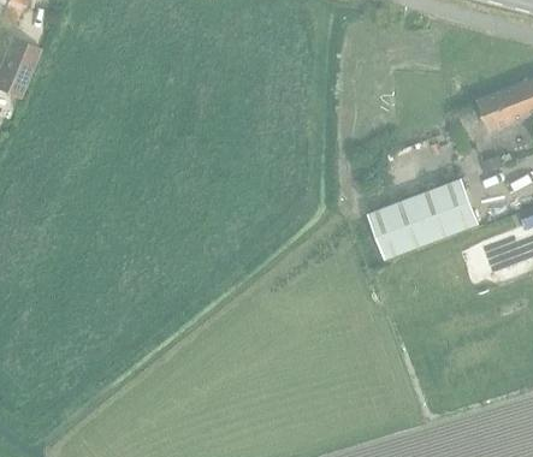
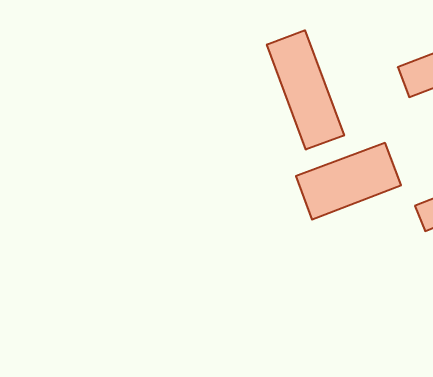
building: none -> [267,30,344,150]

